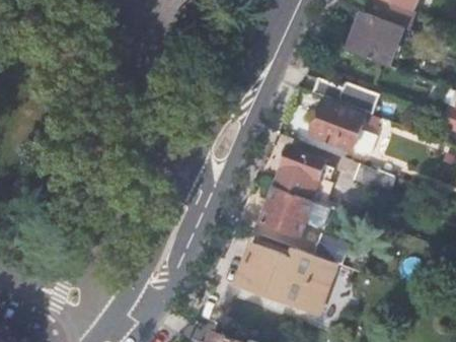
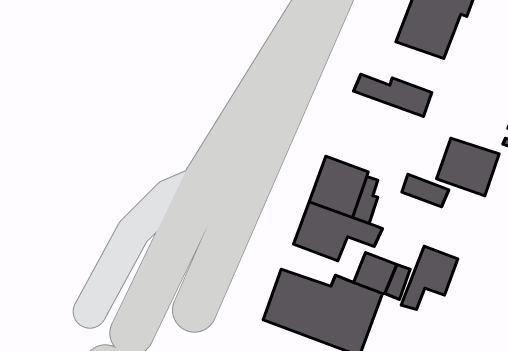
building: [311,101,364,150] -> [437,138,499,196]
building: none -> [401,246,458,310]

